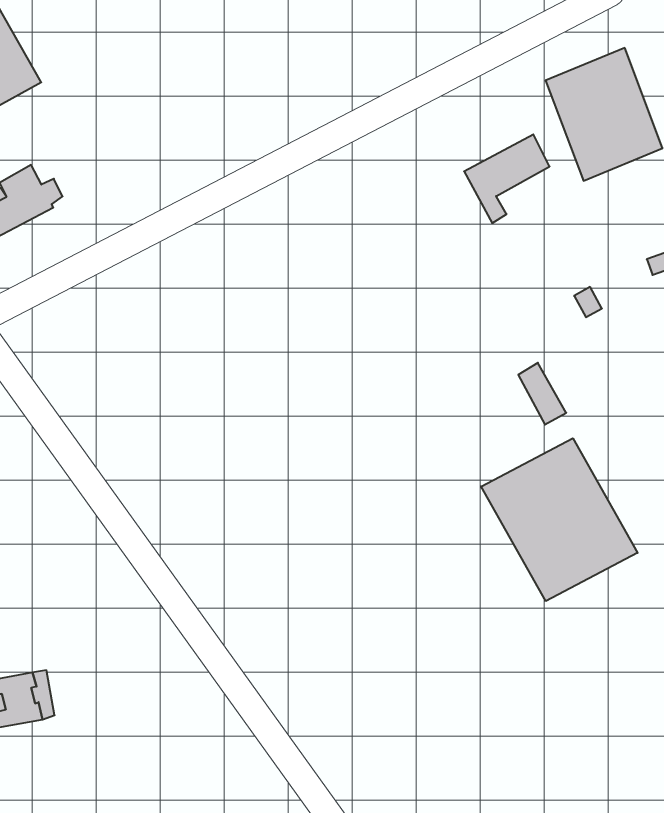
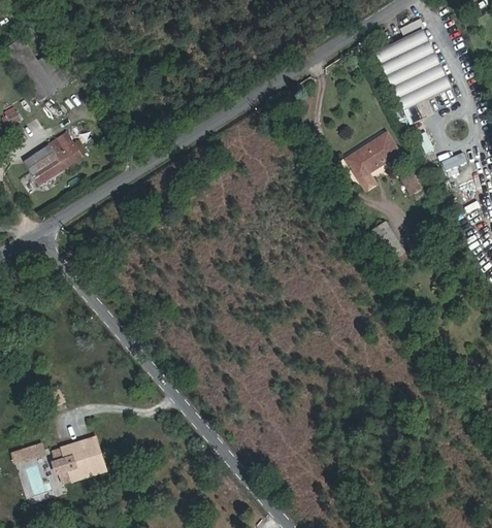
building: [464,134,550,223] -> [346,135,397,191]
building: [481,438,638,601] -> none

